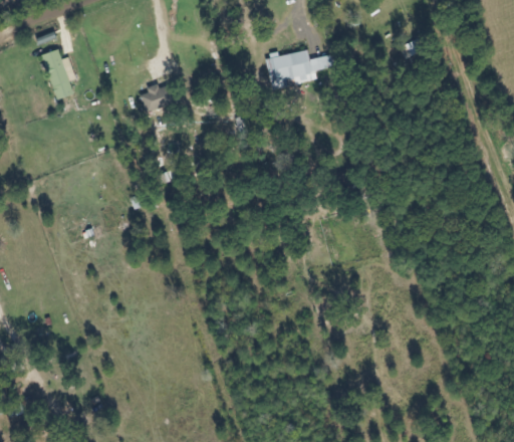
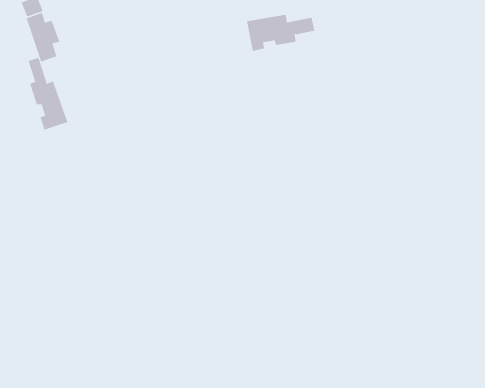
building: [141,85,167,111] -> none
building: none -> [28,57,68,131]

